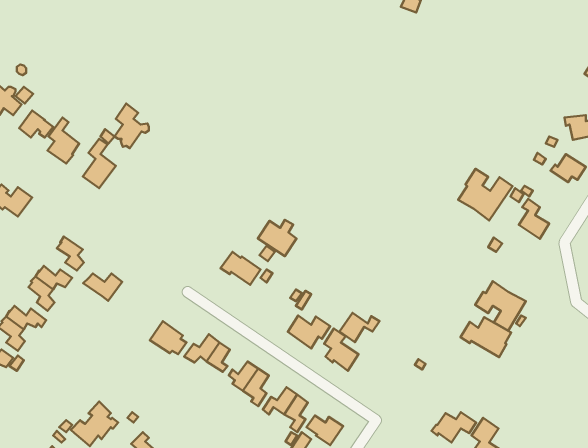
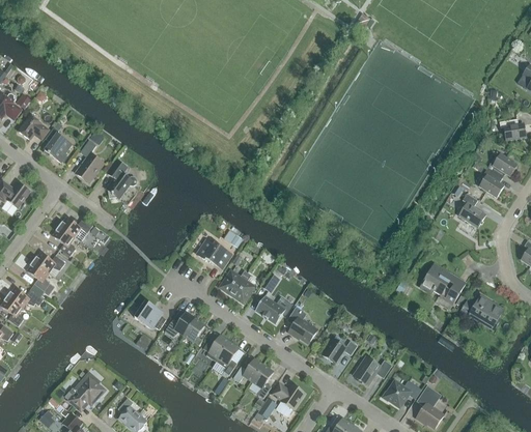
building: [115,103,149,148] -> [106,159,136,198]
building: [458,169,512,221] -> none
building: none -> [479,167,504,197]
building: [258,220,297,256] -> [220,269,254,301]
building: [83,274,122,301] -> [58,217,92,240]
building: [339,313,379,342] -> [322,337,357,363]
building: [460,317,511,357] -> [459,294,504,329]
building: none -> [353,355,392,384]

